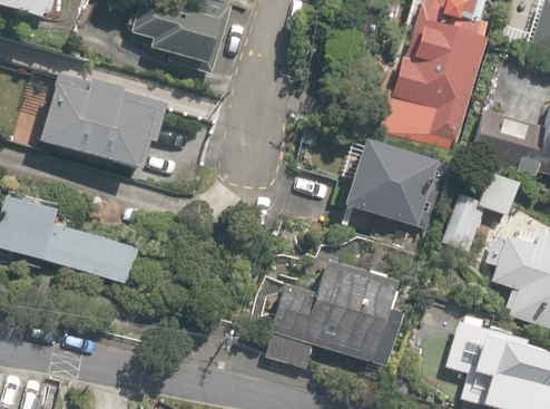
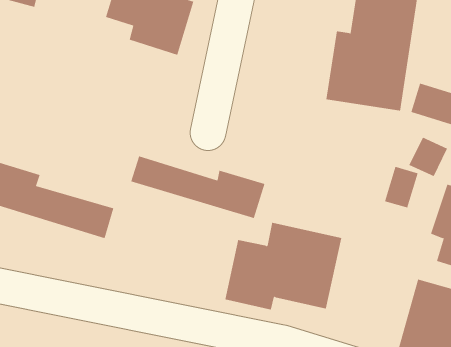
building: [38,55,209,189] -> none
building: [338,139,434,224] -> none
building: none -> [130,155,265,219]

